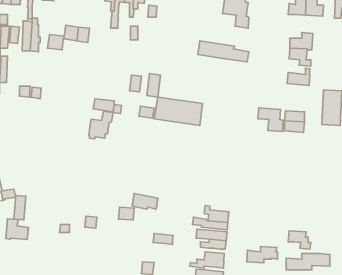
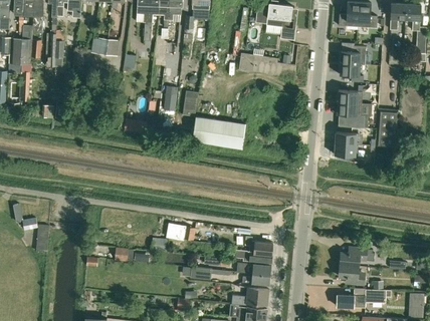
building: [258,108,283,131] -> [337,101,365,127]
building: [89,111,113,139] -> none
building: [6,219,28,239] -> none
building: [247,246,278,263] -> [340,247,374,265]

